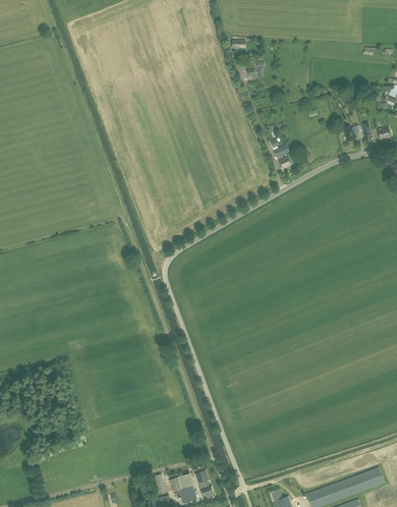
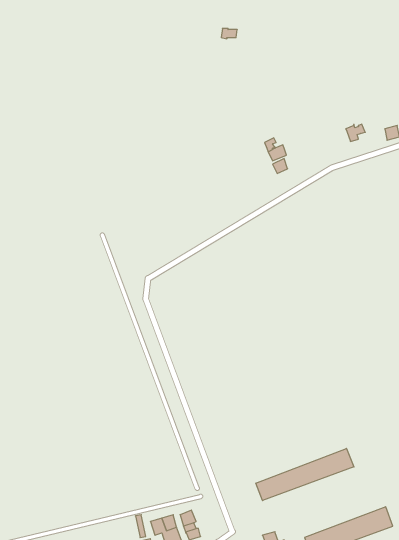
building: none -> [256,448,354,501]

